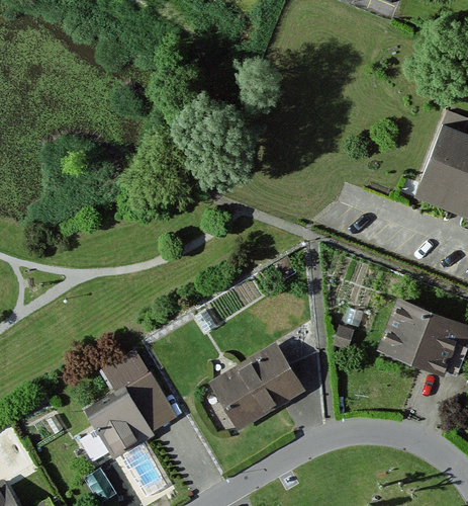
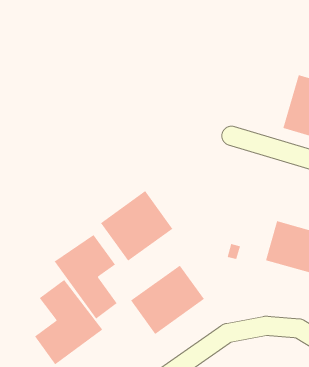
building: none -> [100,190,173,262]
building: none -> [54,234,118,320]

